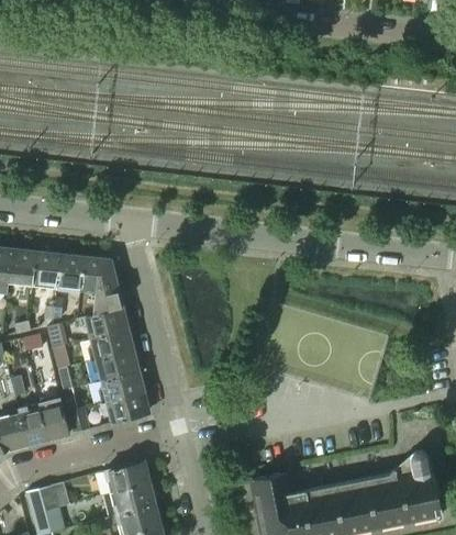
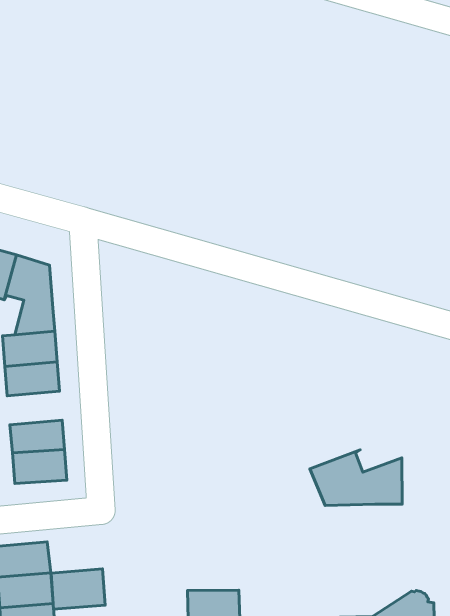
building: [96,350,138,381] -> none
building: none -> [310,450,402,505]
building: none -> [51,569,105,609]

